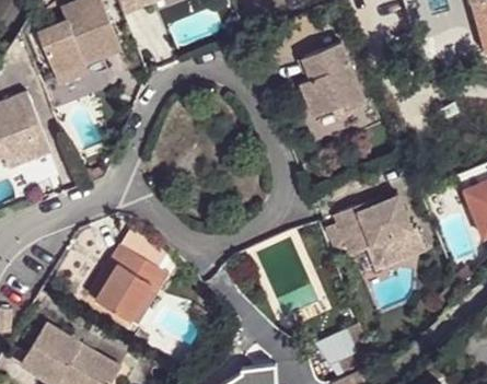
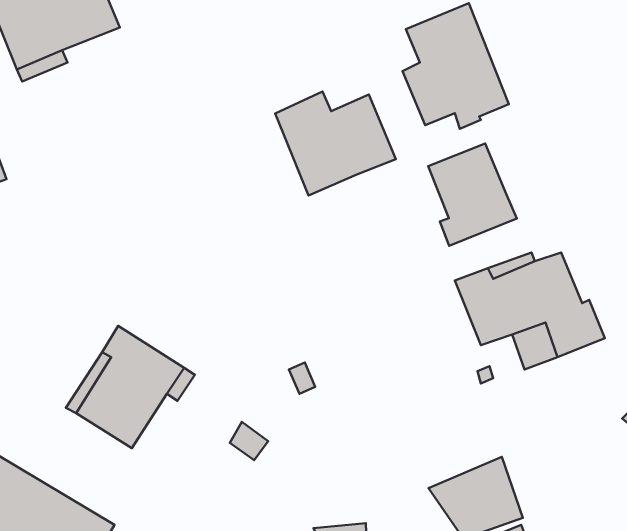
building: none -> [275,92,396,195]
building: none -> [428,143,517,246]

